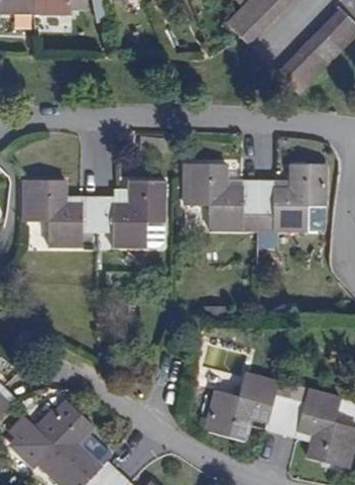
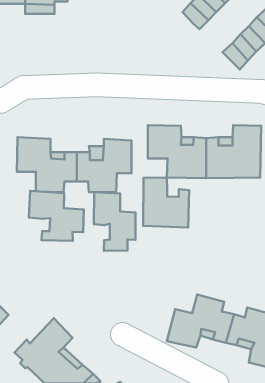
building: none -> [143,177,189,228]
building: none -> [29,191,84,241]
building: none -> [94,192,135,251]

